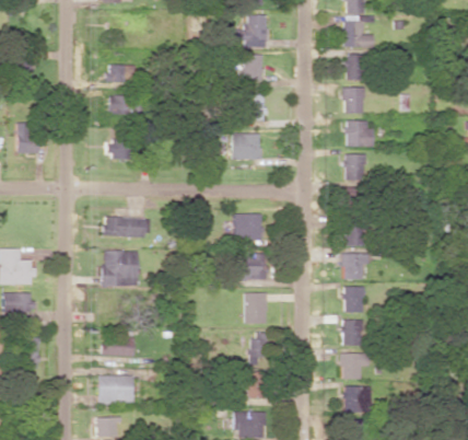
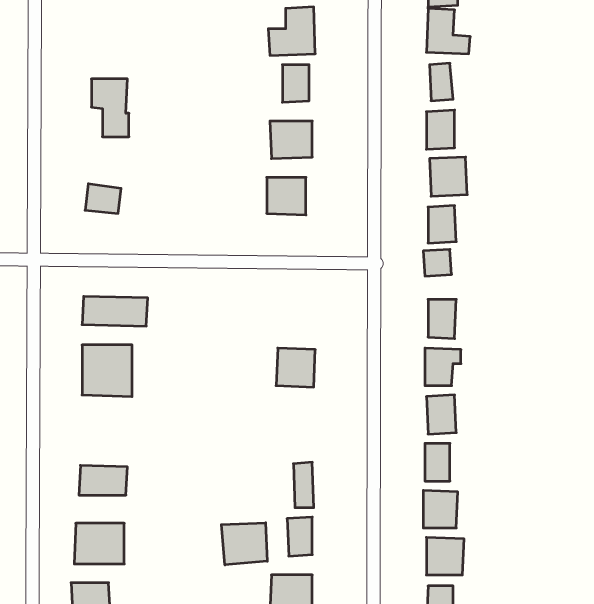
building: [234,213,261,240] -> none
building: [245,292,268,324] -> none
building: none -> [221,523,267,565]

